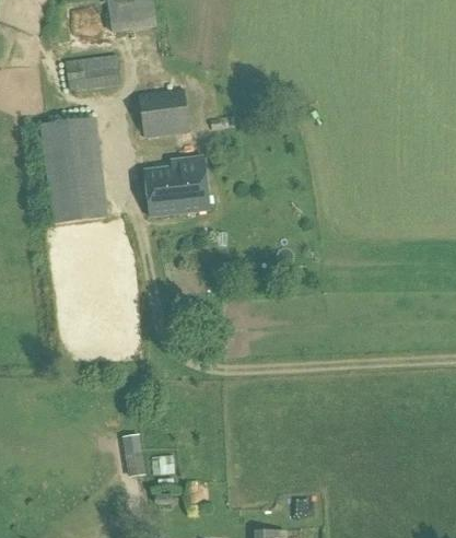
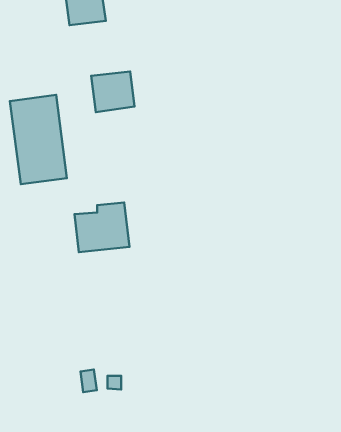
building: [63,55,119,91] -> none
building: [143,155,210,215] -> [74,202,130,252]

